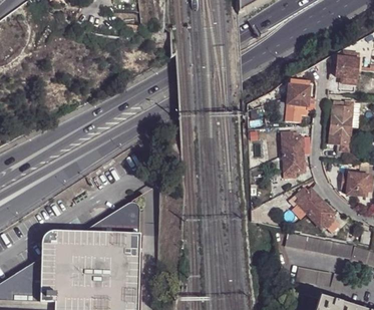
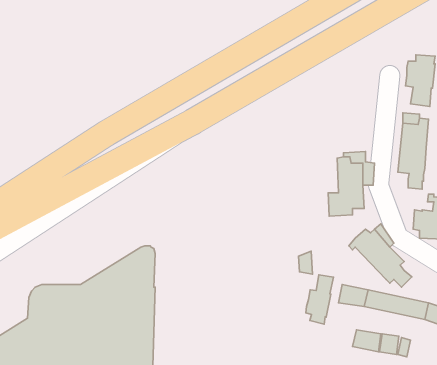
building: [284,78,307,121] -> none
building: none -> [306,275,334,324]

